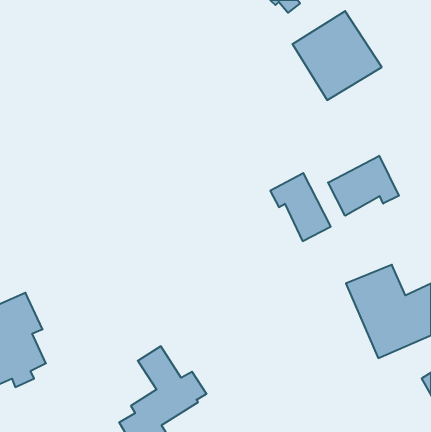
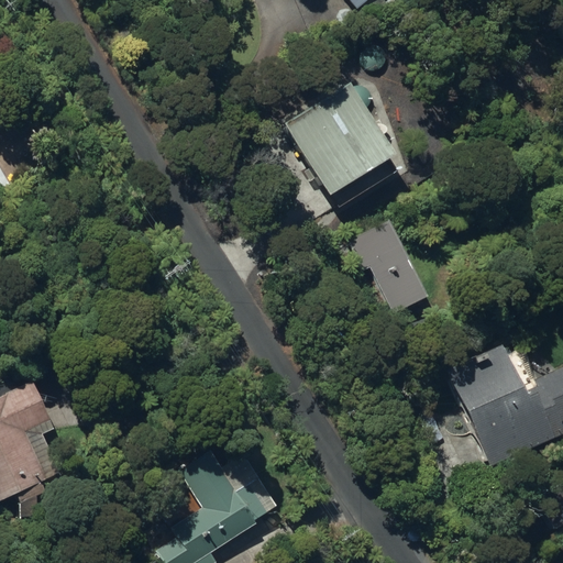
building: [292,11,382,100] -> [286,79,401,195]
building: [328,156,399,216] -> none

